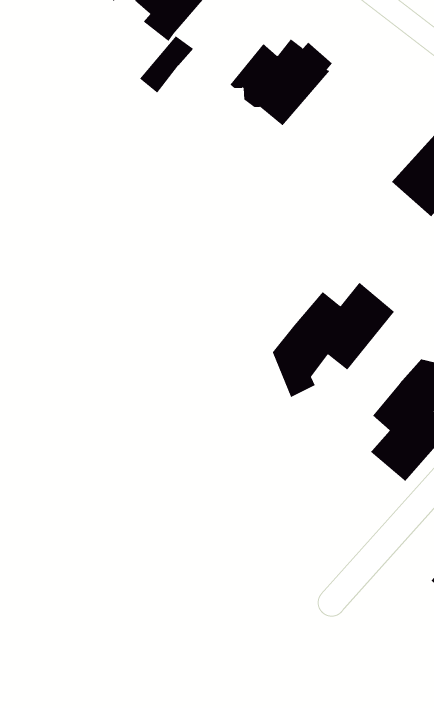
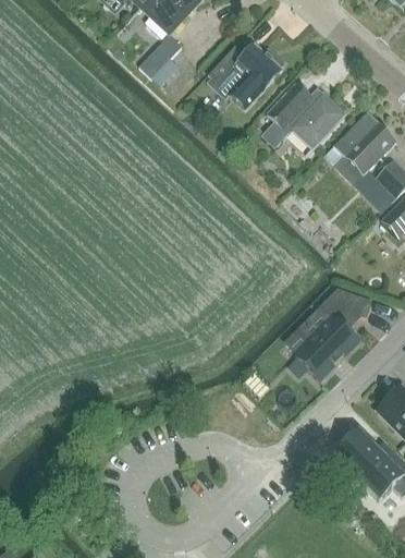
building: none -> [236,82,343,148]
building: [272,282,395,398] -> none

